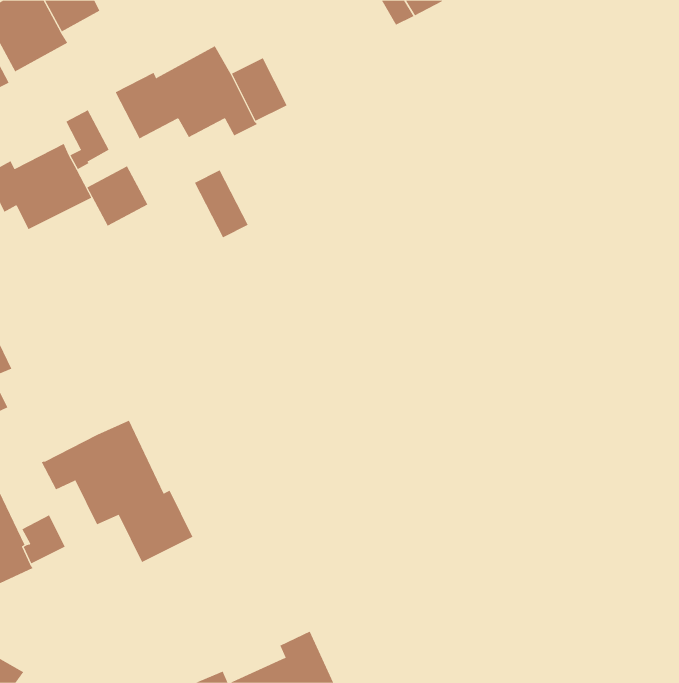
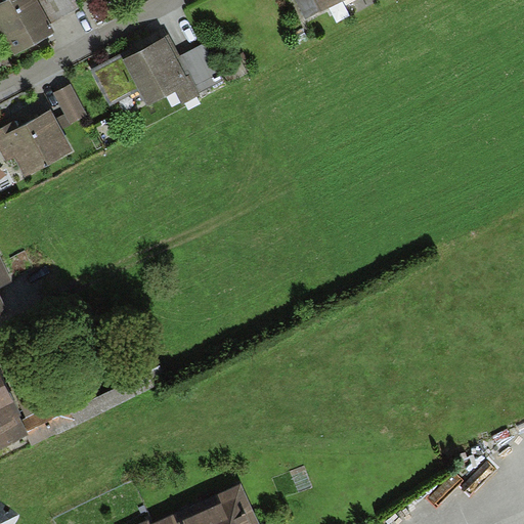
building: [87,165,148,226] -> none
building: [194,169,248,238] -> none
building: [41,420,193,563] -> none

